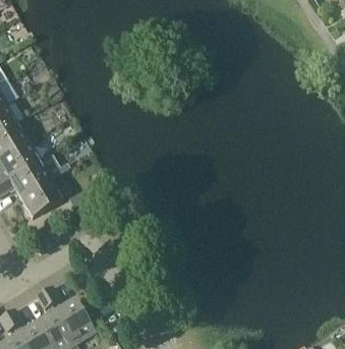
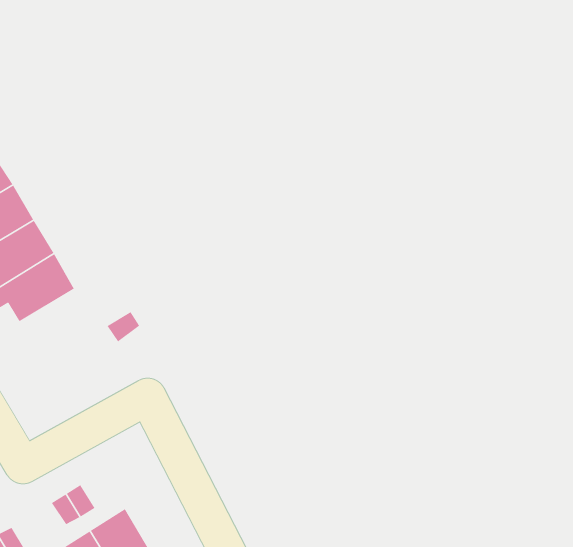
building: [19,178,62,217] -> none

